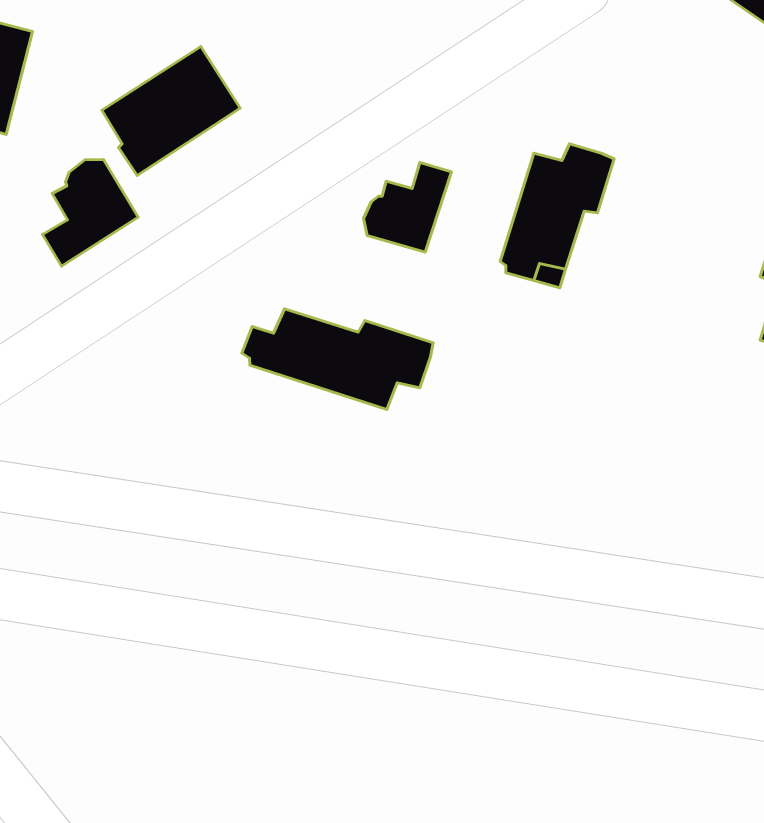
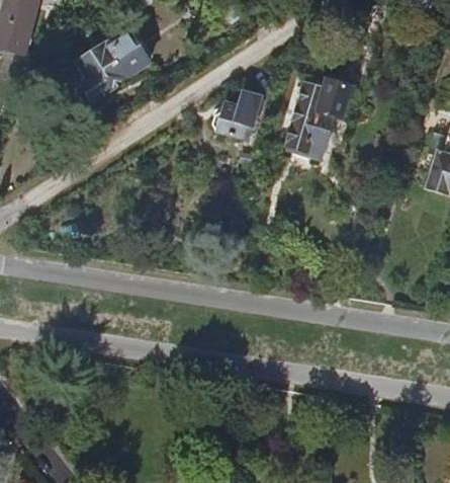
building: [42,159,138,266] -> none
building: [242,309,433,410] -> none

